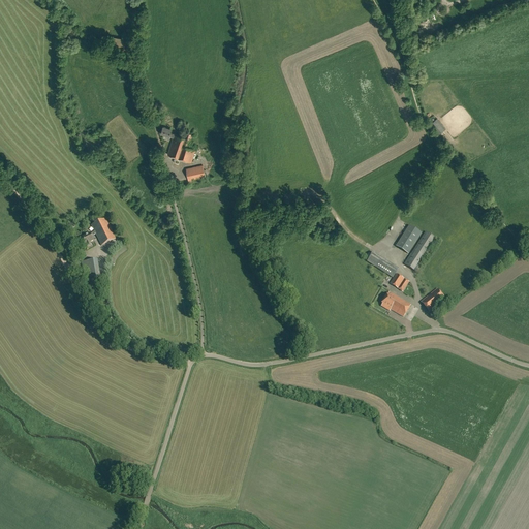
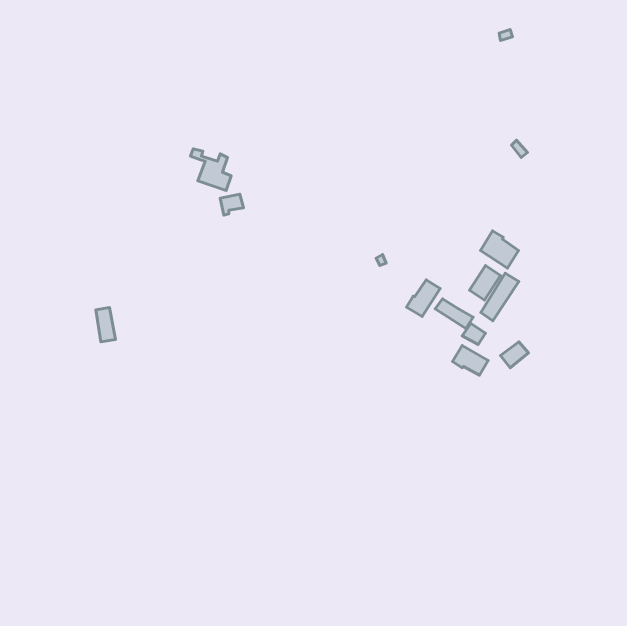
building: none -> [480,231,519,268]
building: [82,216,115,244] -> none
building: none -> [407,280,440,316]

